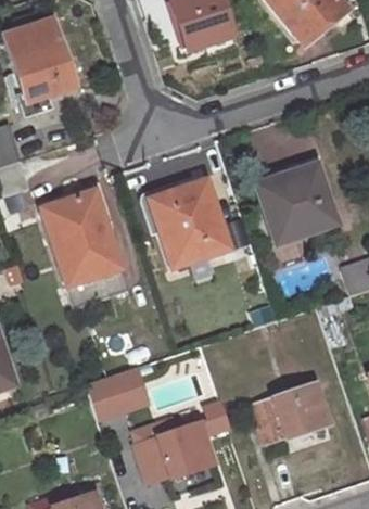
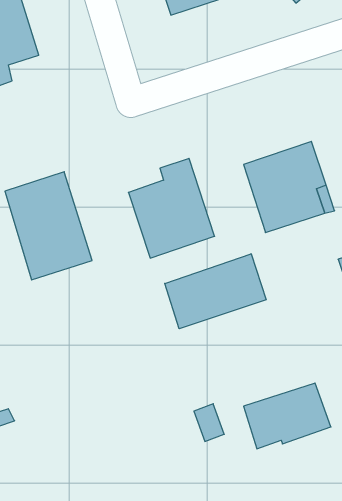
building: none -> [165,254,266,329]
building: [94,366,156,419] -> none
building: [137,420,216,479] -> none

